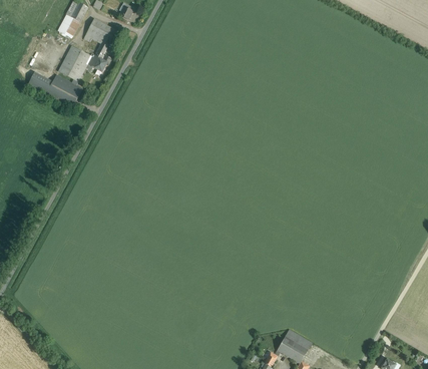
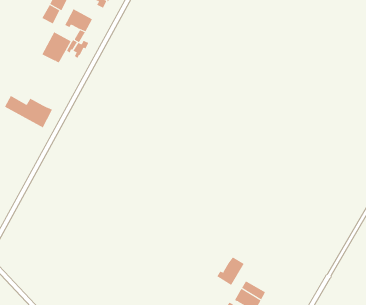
building: [28,71,83,108] -> [4,95,53,128]
building: none -> [217,256,245,286]

